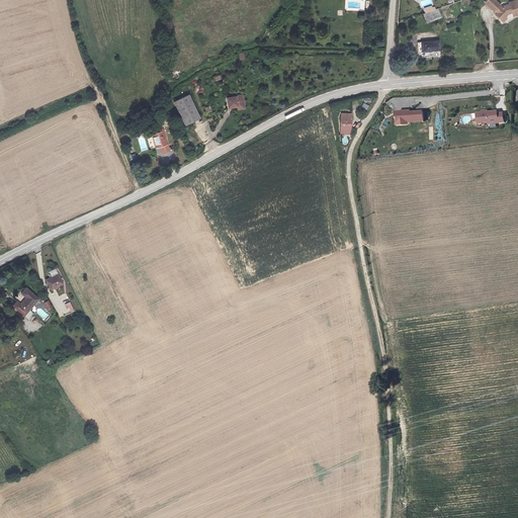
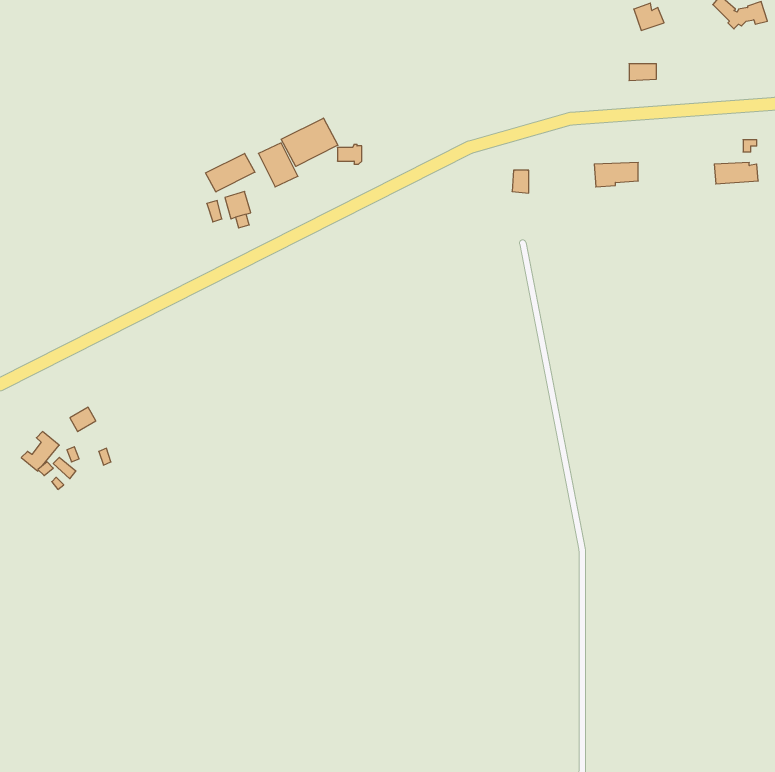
building: none -> [281,118,338,166]
building: none -> [206,153,255,192]

